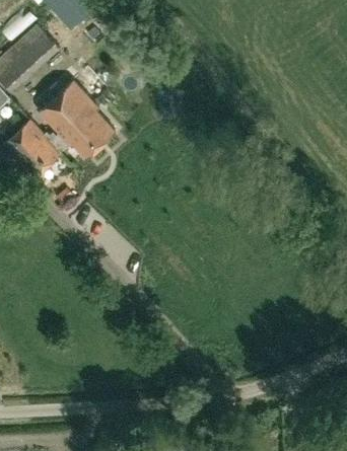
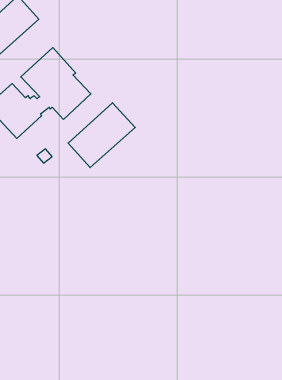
building: none -> [68,103,135,168]

